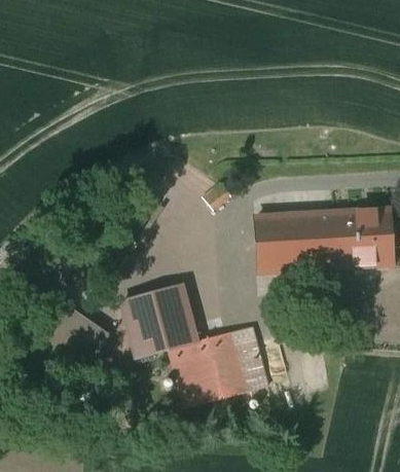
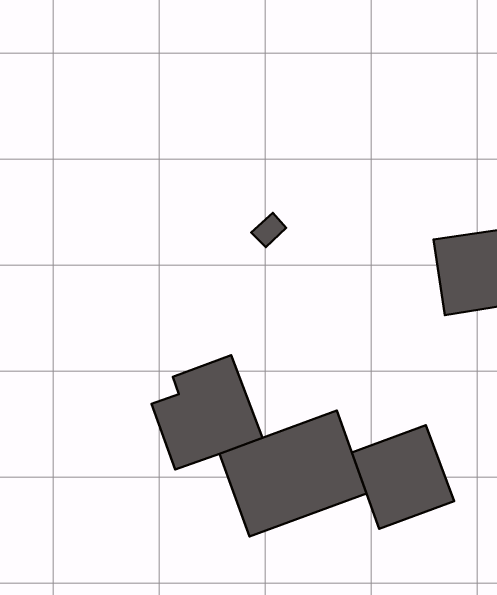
building: [254,212,333,270] -> none
building: none -> [352,425,454,529]

